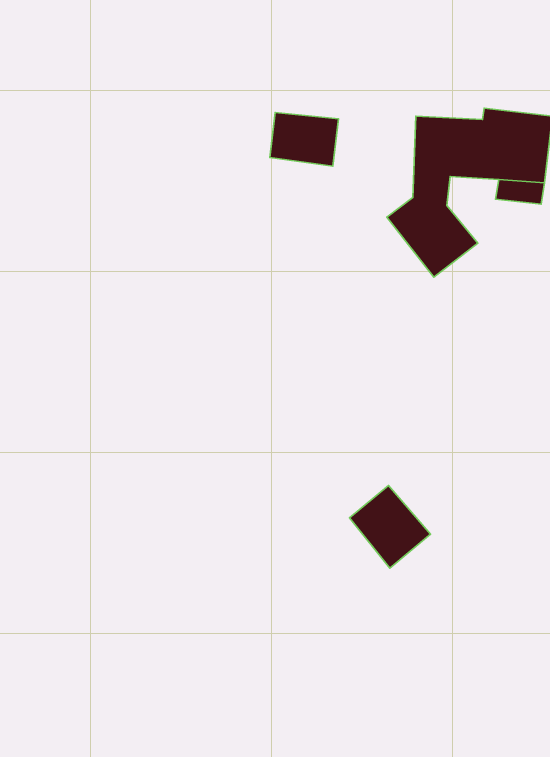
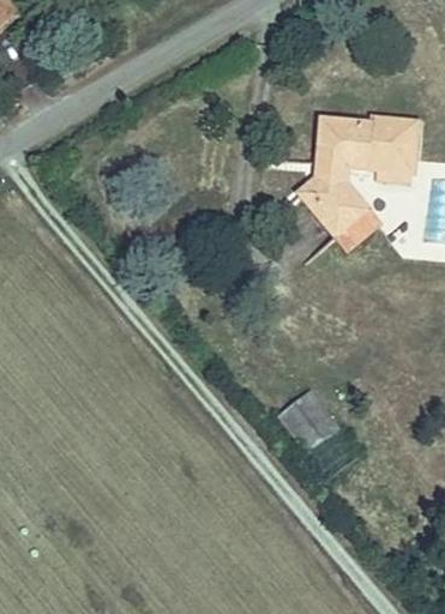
building: [270,112,339,166] -> none

